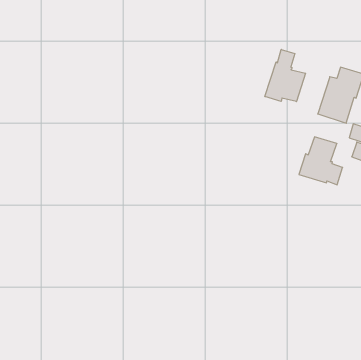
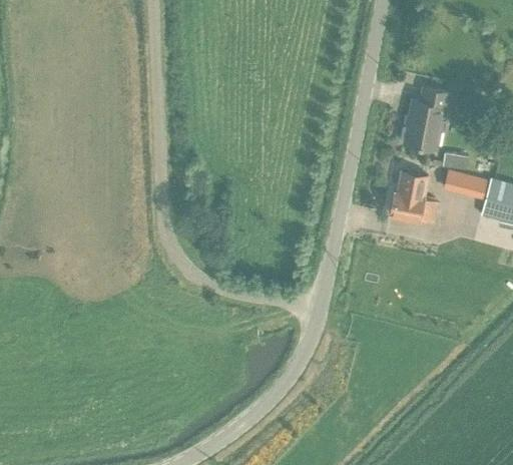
building: [265,49,306,102] -> none

